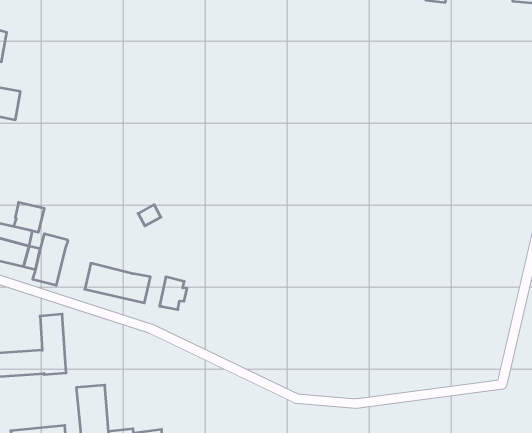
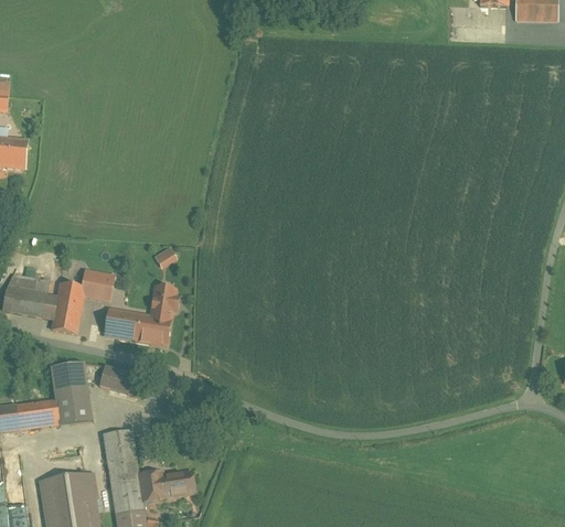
building: [14,202,44,232] -> [82,270,111,299]
building: [160,277,187,310] -> [150,286,177,318]
building: none -> [98,365,141,395]

